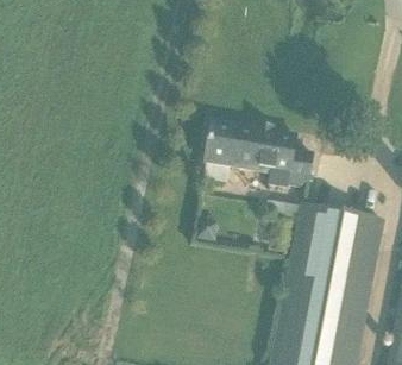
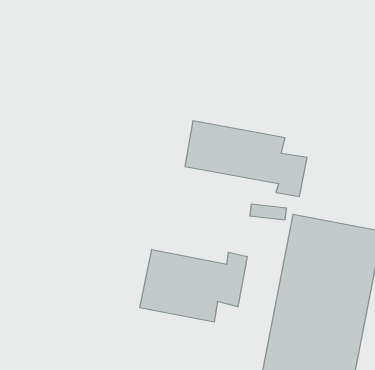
building: none -> [140,249,247,322]

